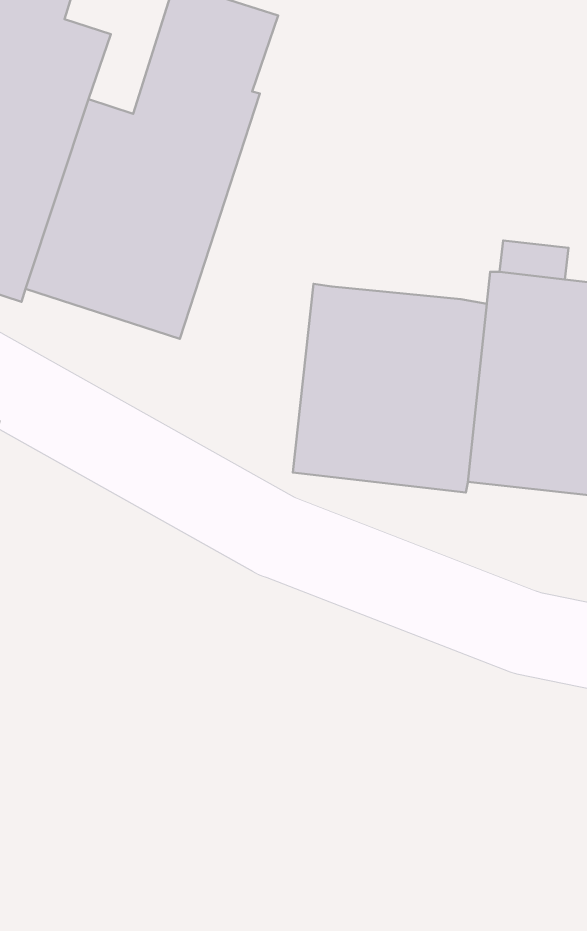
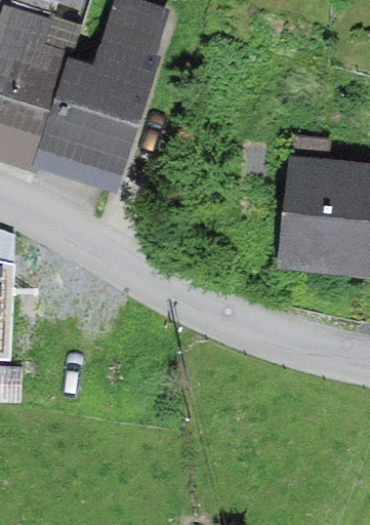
building: [293,284,487,492] -> none

